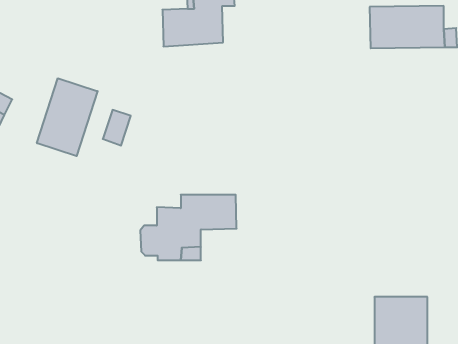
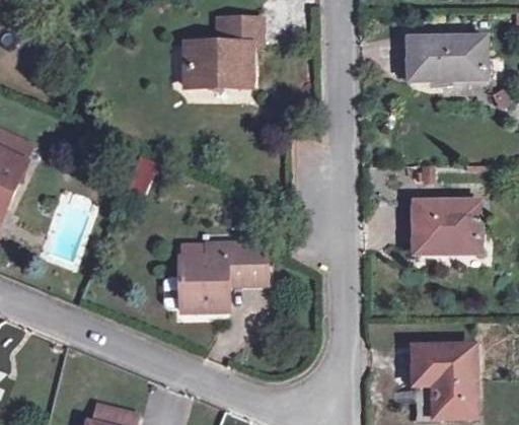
building: [37,78,98,156] -> none
building: none -> [413,201,479,254]

